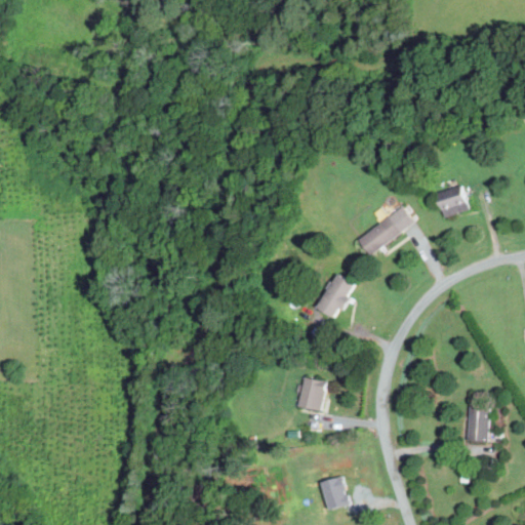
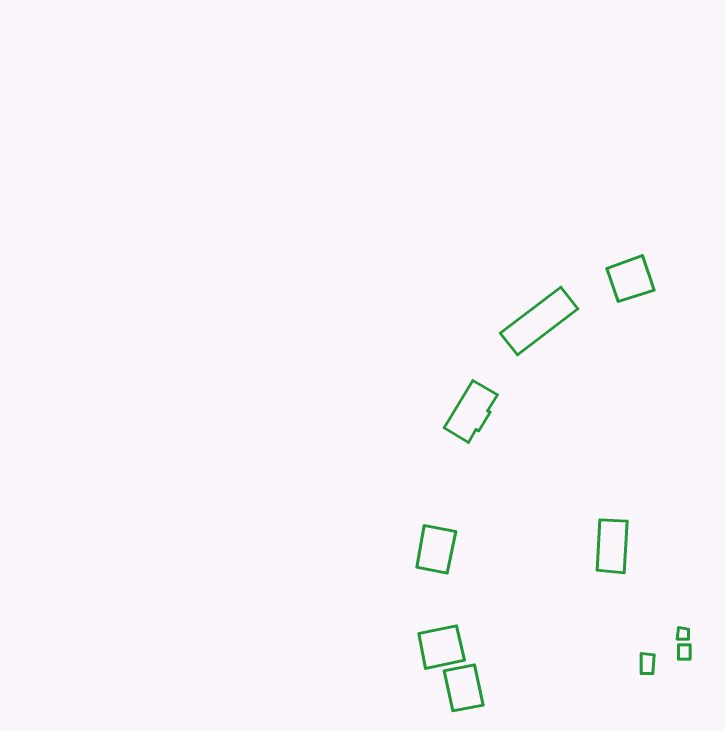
building: [467,405,488,443] -> [597,520,627,573]
building: none -> [419,626,464,668]

